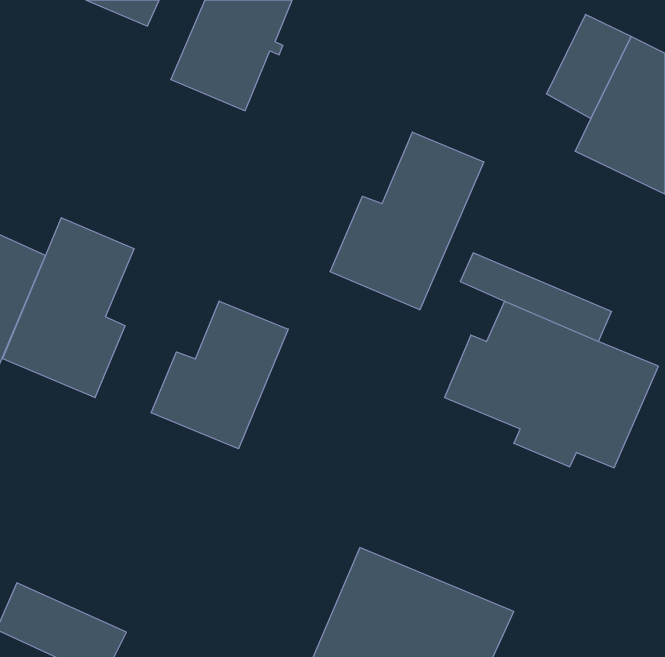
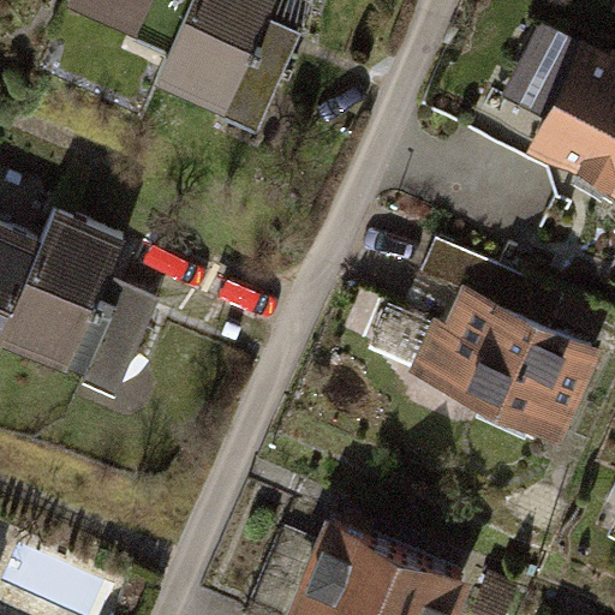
building: [330,132,484,310] -> none
building: [151,301,288,449] -> none

